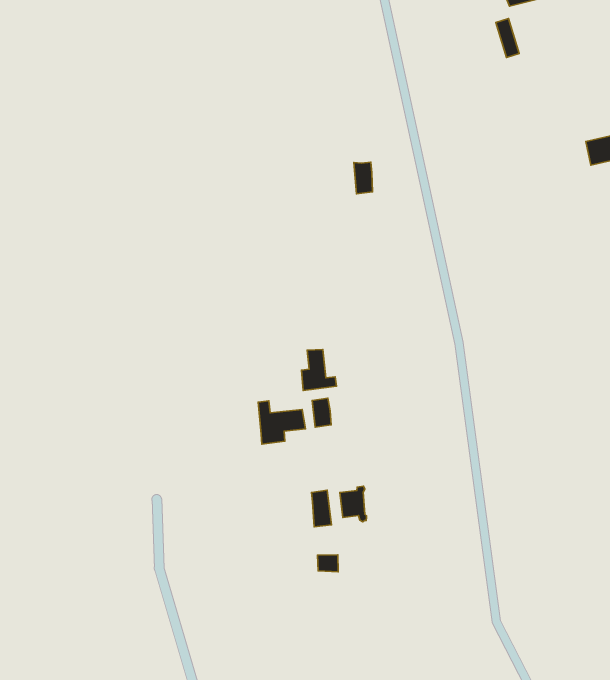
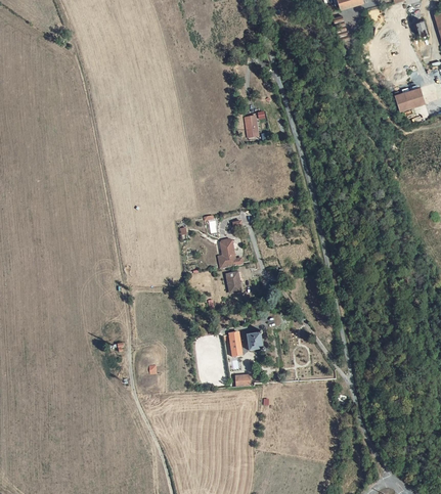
building: [258,401,306,444] -> none

